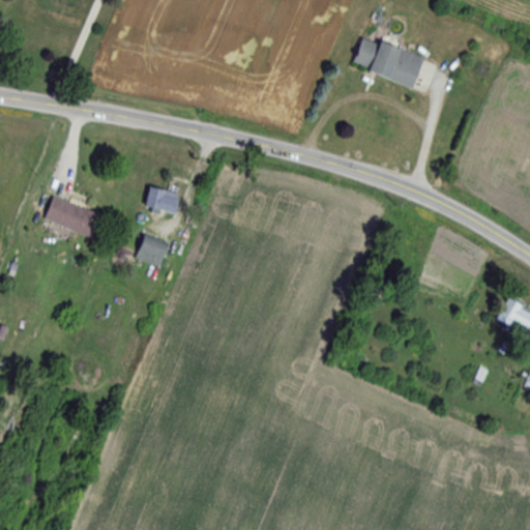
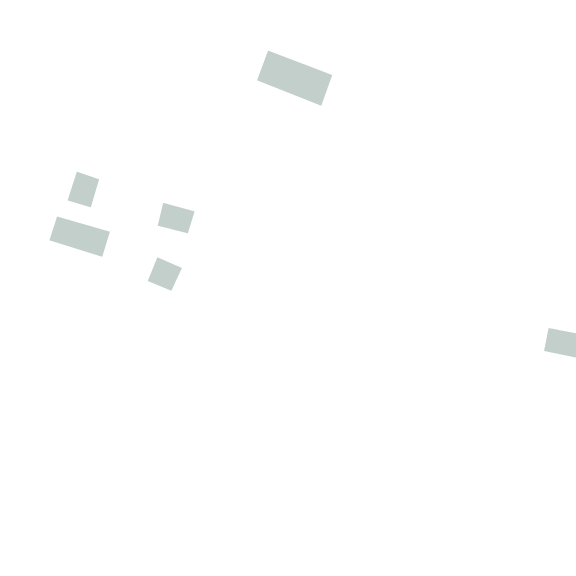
building: [353,35,423,87] -> [256,50,333,106]
building: none -> [67,171,100,208]

